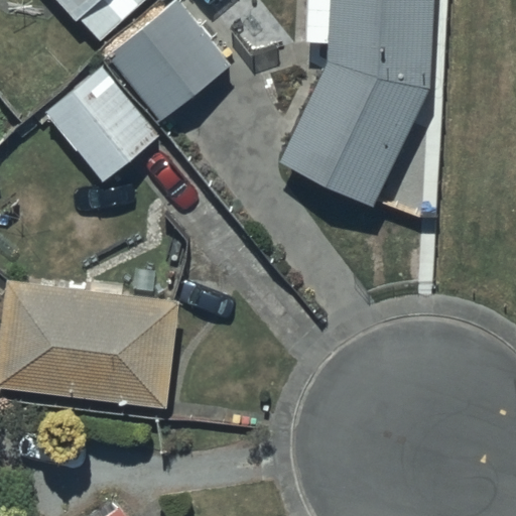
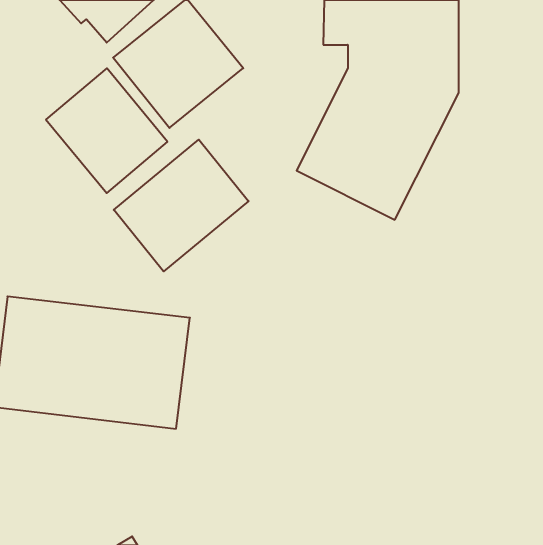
building: none -> [114,140,249,271]

